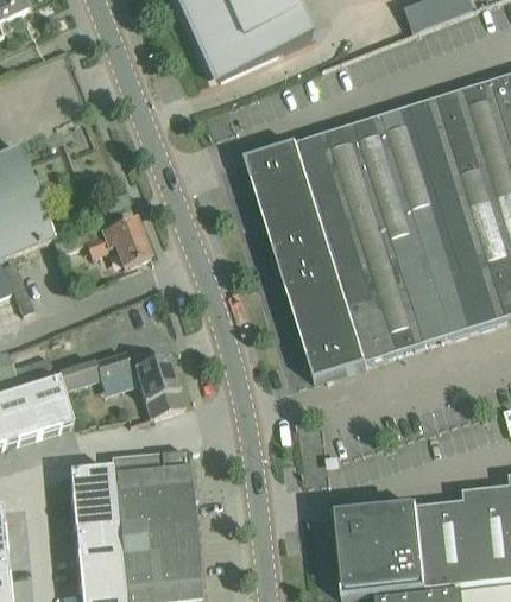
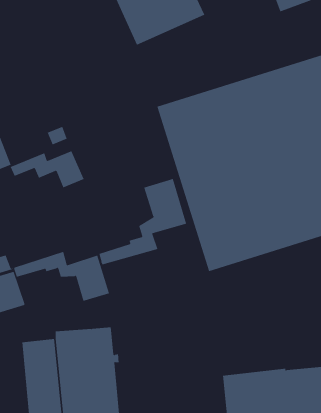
building: none -> [90,178,187,265]

